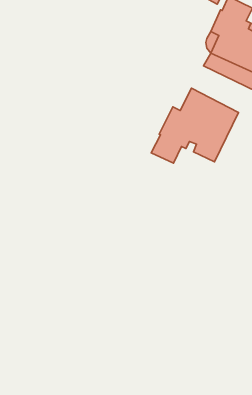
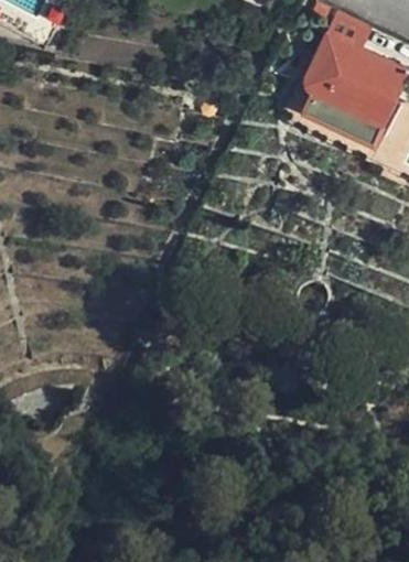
building: [151,88,239,163] -> none

